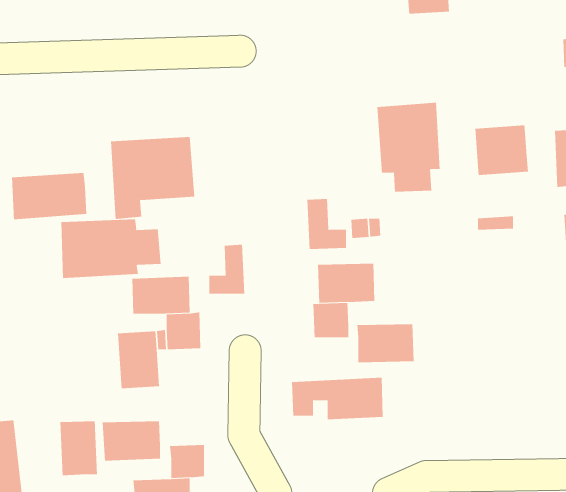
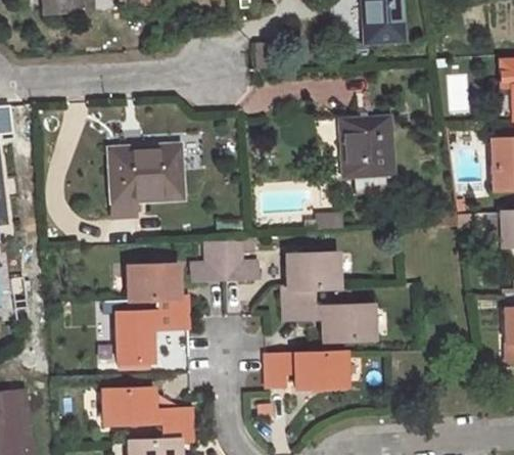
building: [475,125,528,176] -> none
building: [12,172,87,220] -> none
building: [307,198,347,249] -> [223,236,258,280]
building: [61,219,161,279] -> none
building: [60,421,98,476] -> none

